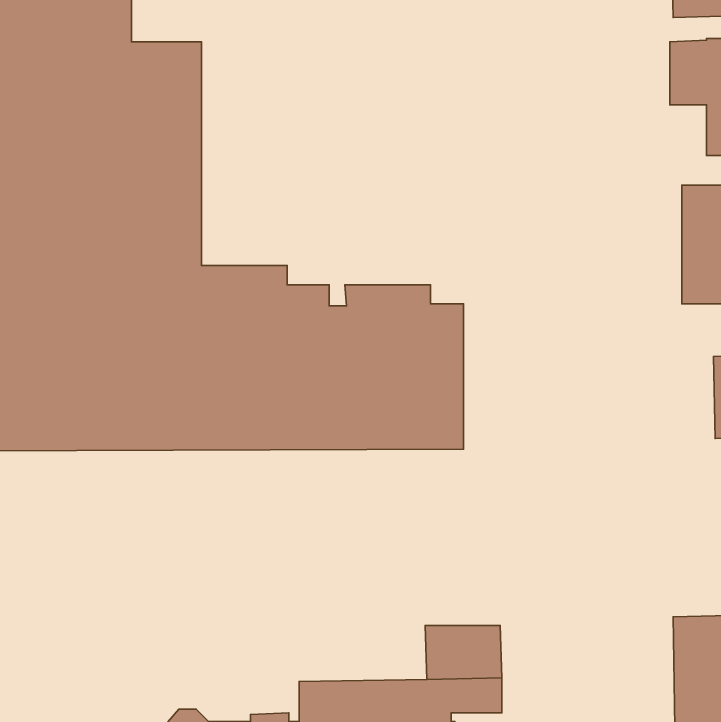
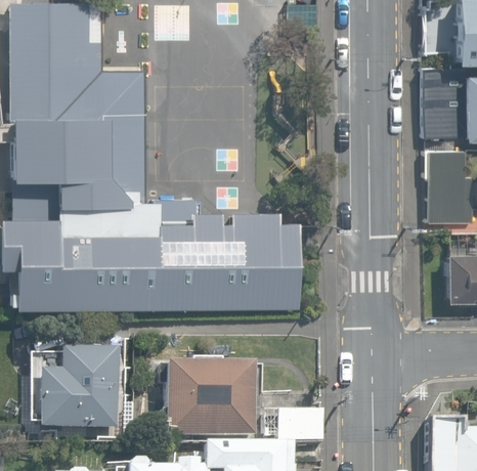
building: none -> [38,352,119,432]
building: none -> [159,366,254,439]

